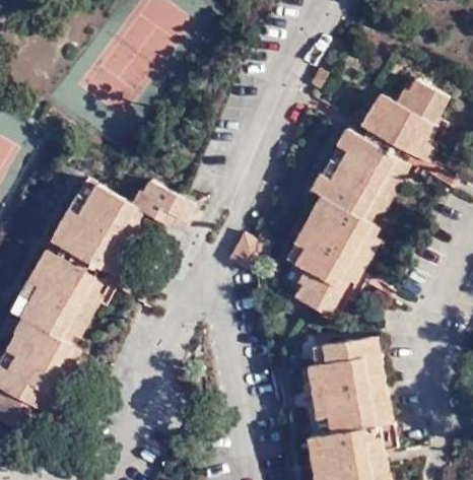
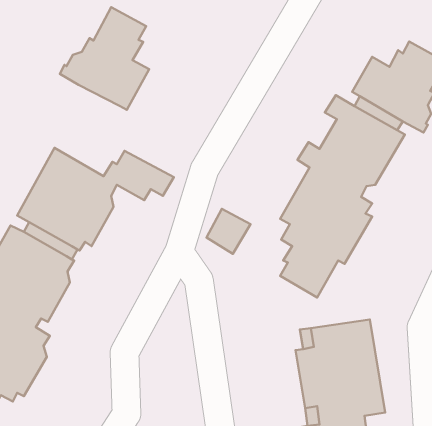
building: none -> [60,7,149,110]

